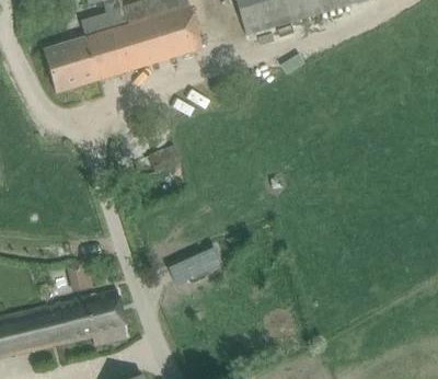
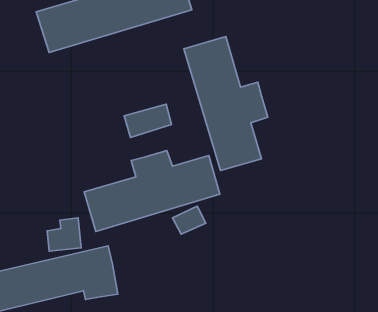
building: none -> [184,36,268,171]
building: none -> [84,150,220,232]

